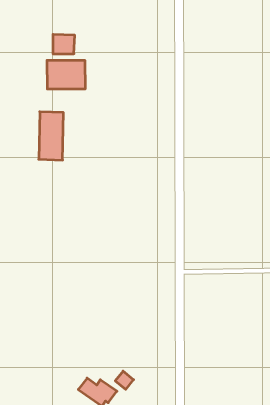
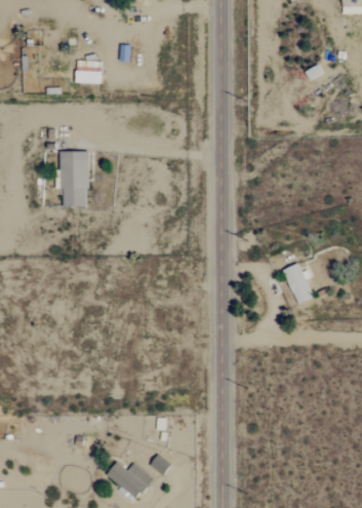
building: [47,60,85,89] -> none
building: none -> [284,264,313,304]

